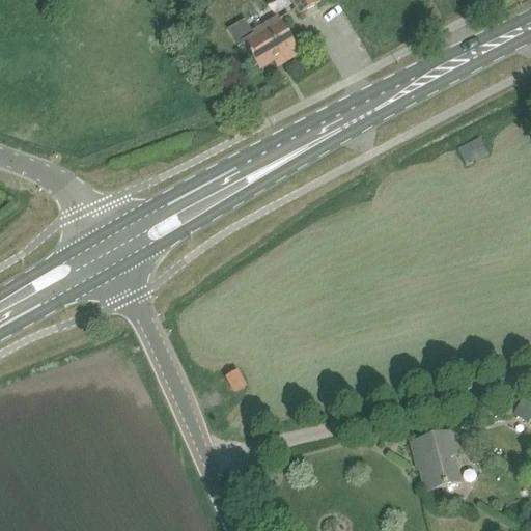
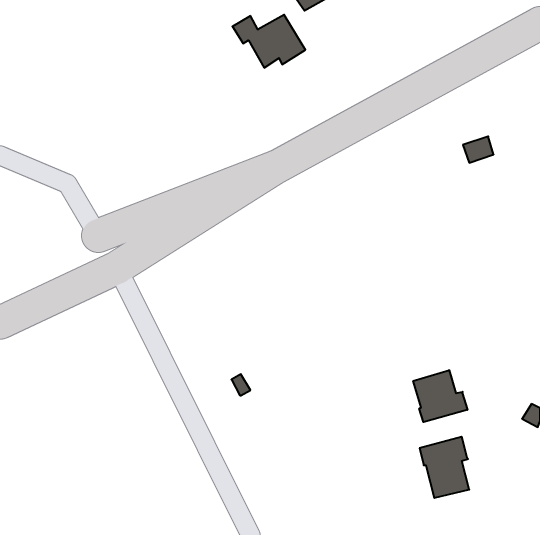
building: none -> [413,370,467,422]

